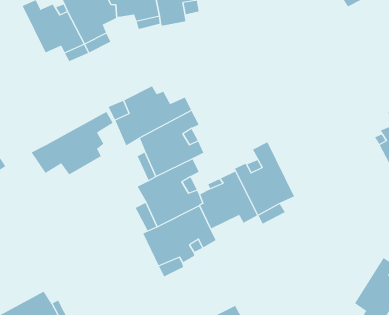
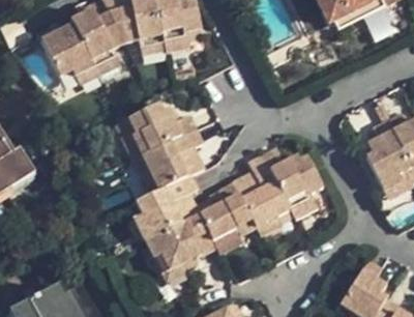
building: [31,111,114,175] -> none
building: none -> [264,147,321,215]

